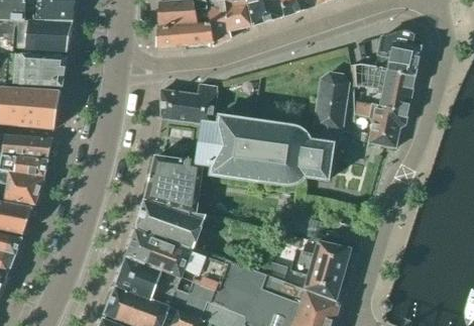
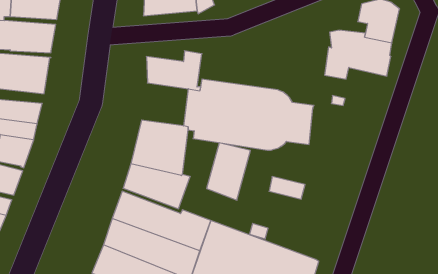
building: [312,71,349,143] -> none
building: [367,101,409,148] -> none
building: [305,240,350,300] -> [207,143,250,200]

